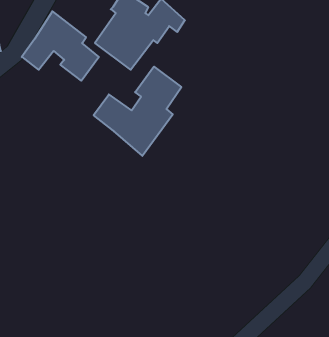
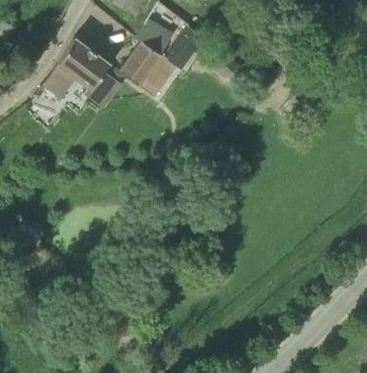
building: [94,67,181,156] -> none

